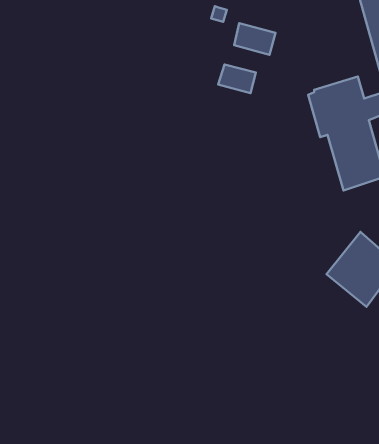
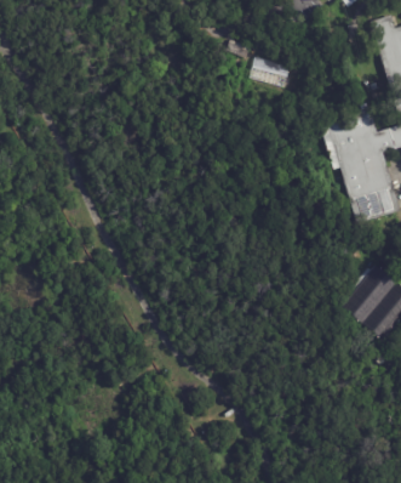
building: [218,64,256,93] -> none

